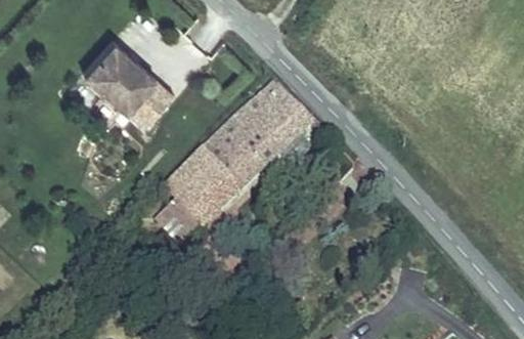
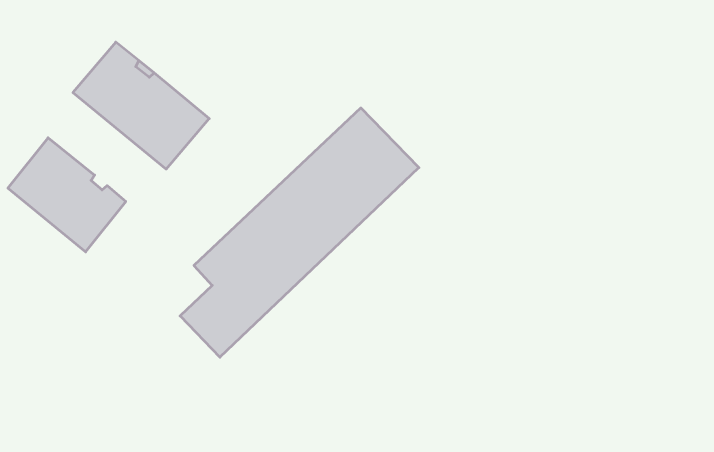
building: none -> [8,138,126,252]

